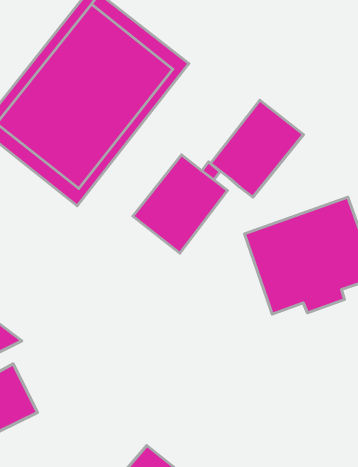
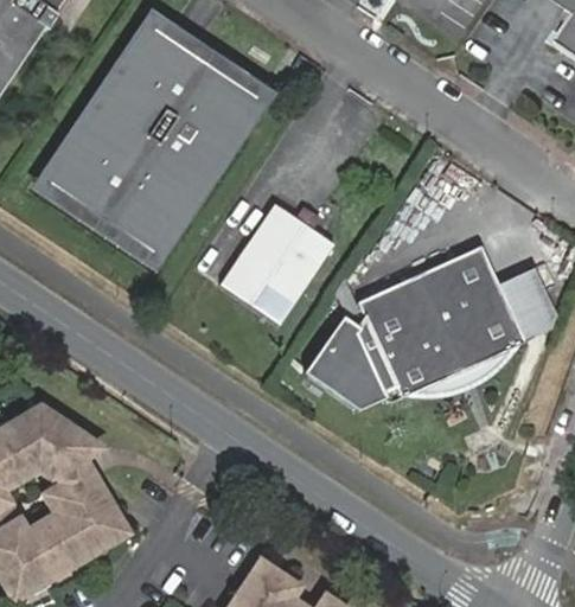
building: [210,100,303,197] -> none
building: none -> [313,295,398,401]

